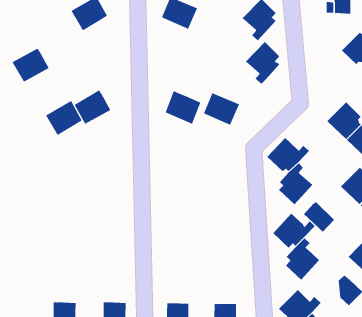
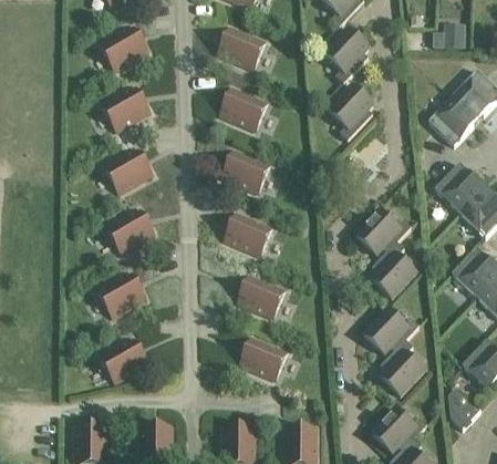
building: none -> [220,86,268,130]
building: [11,48,50,83] -> [101,85,151,131]
building: none -> [427,96,474,146]
building: [203,92,240,126] -> [225,212,272,255]
building: [45,100,83,136] -> [106,207,155,254]
building: none -> [97,271,146,317]
building: none -> [238,274,286,317]
building: [303,201,335,233] -> none
building: none -> [239,336,288,380]
building: none -> [100,337,149,383]

